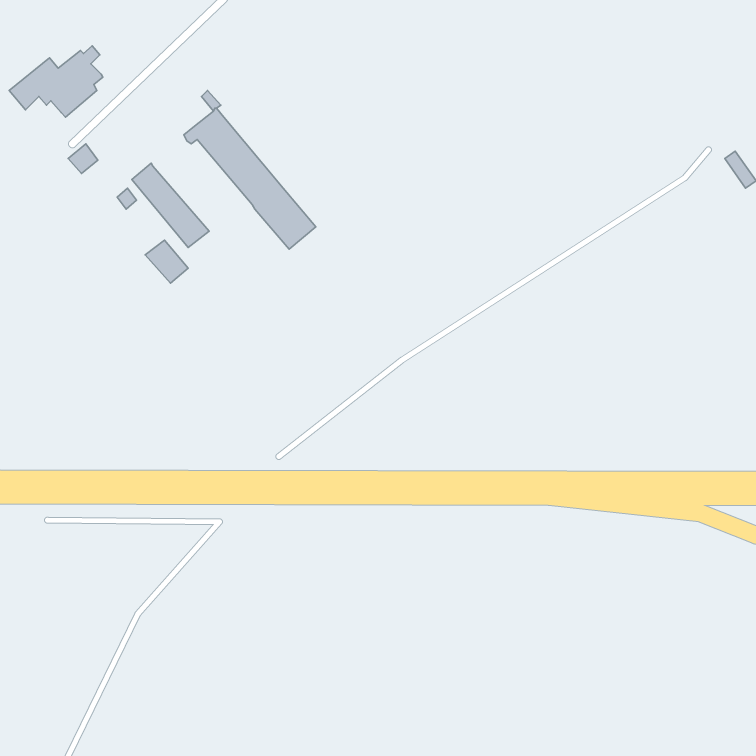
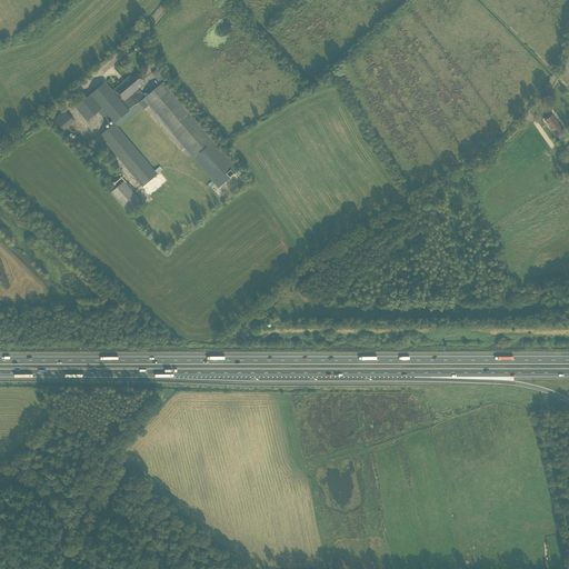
building: [9,46,103,117] -> [74,72,144,126]

